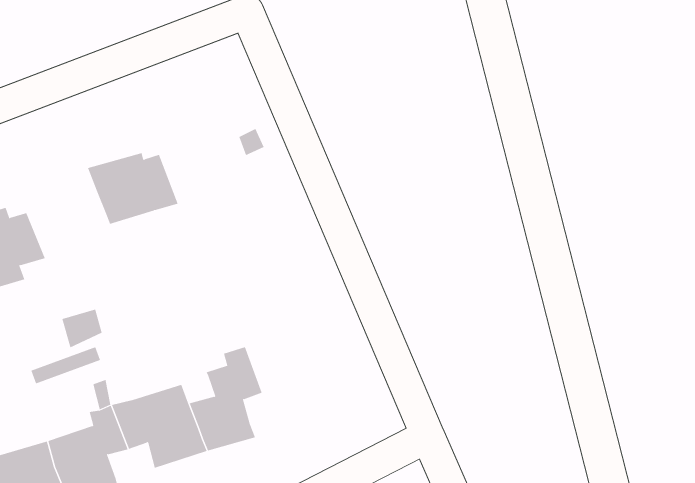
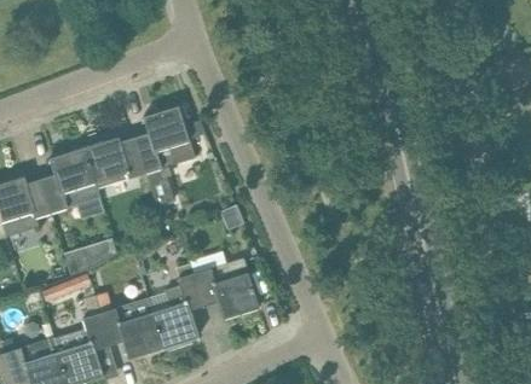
building: none -> [132,105,196,173]
building: none -> [39,147,99,211]
building: none -> [192,257,260,319]

